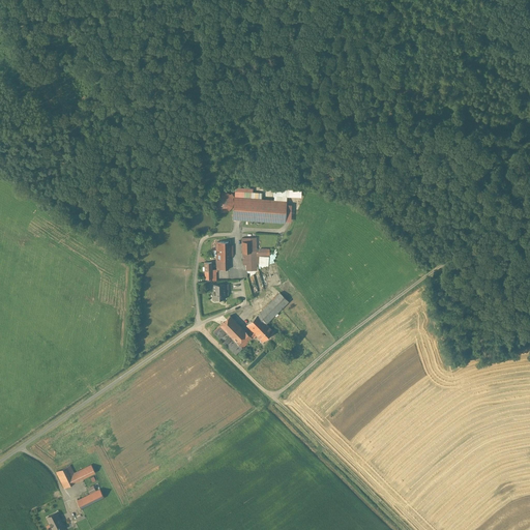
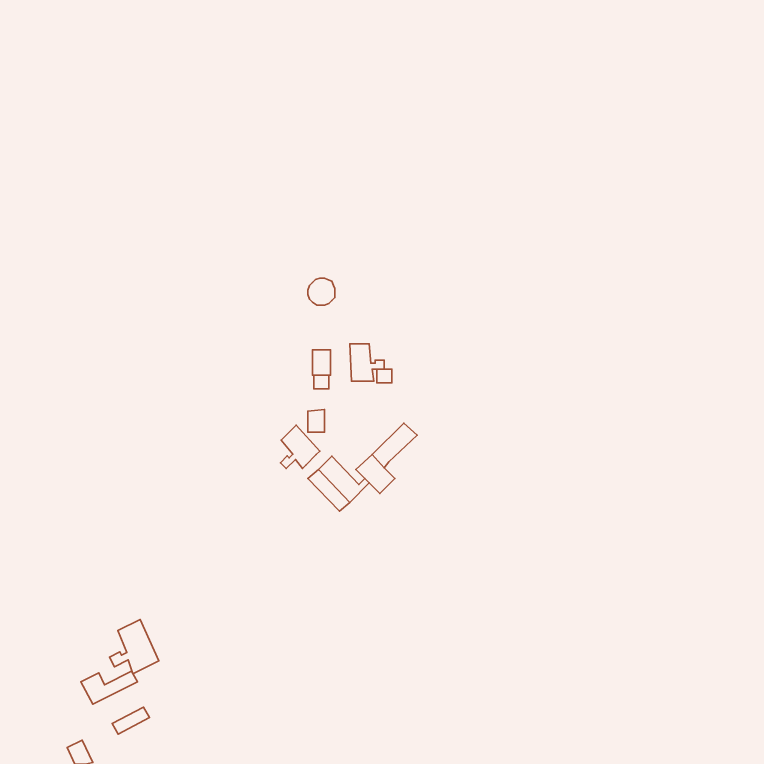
building: [233,198,286,223] -> none
building: none -> [280,425,320,469]
building: none -> [110,619,159,674]

